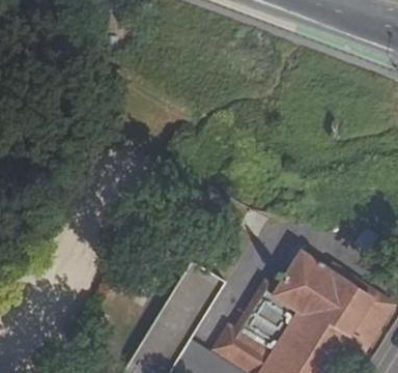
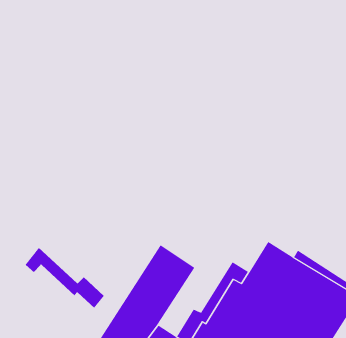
building: none -> [25,247,105,308]

